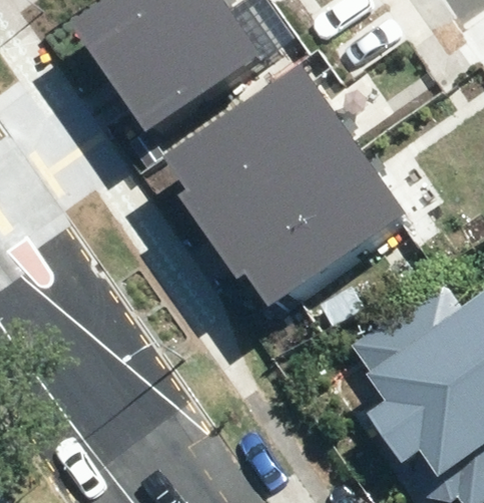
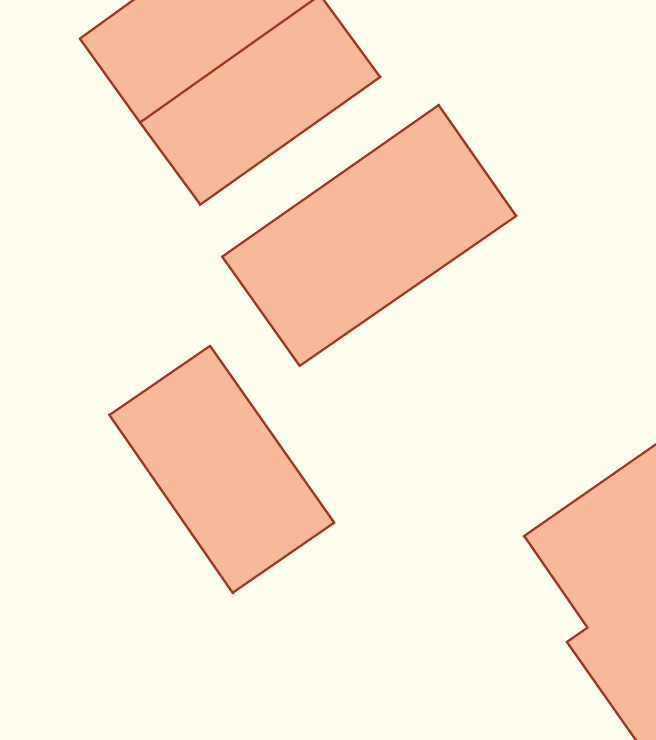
building: [217,141,404,307] -> none
building: none -> [109,346,334,593]

